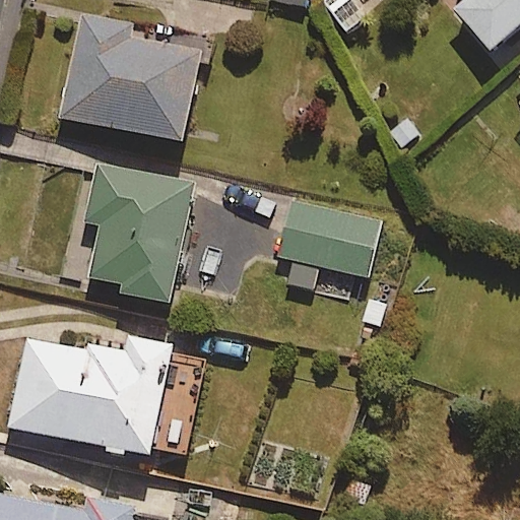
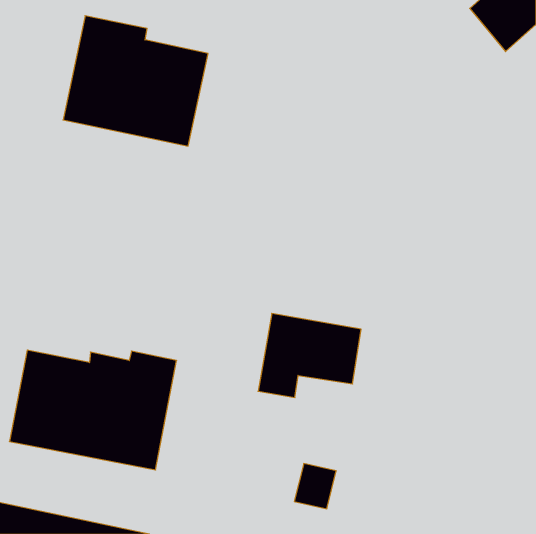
building: [82,165,194,302] -> none
building: [278,205,378,286] -> [258,313,361,398]

